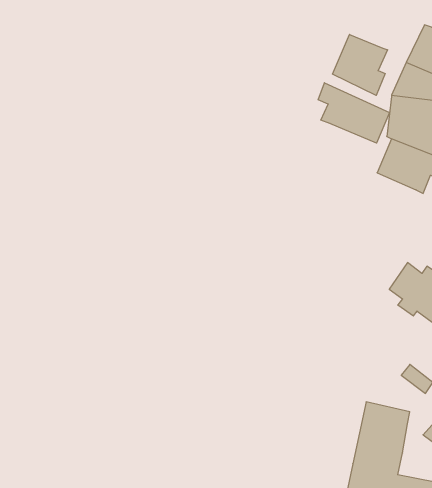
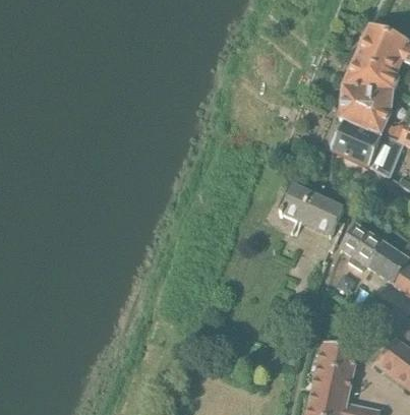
building: [333,34,388,95] -> none
building: [318,83,390,143] -> none
building: none -> [281,184,343,234]

